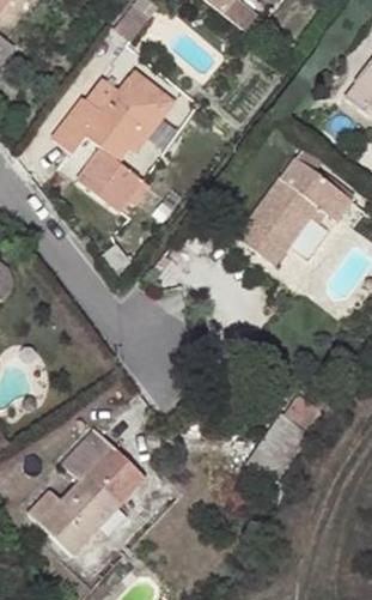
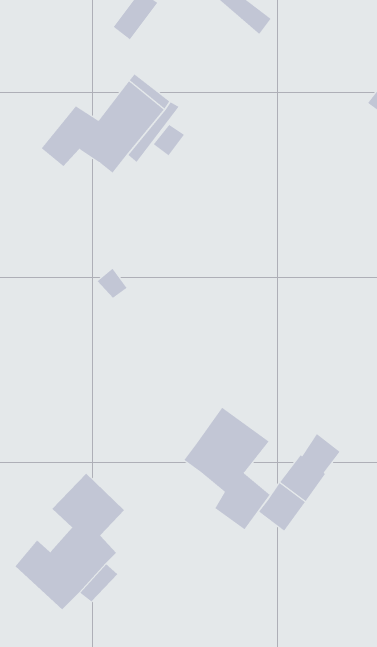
building: [80,150,147,213] -> none
building: [238,169,347,265] -> none
building: none -> [183,407,270,530]

